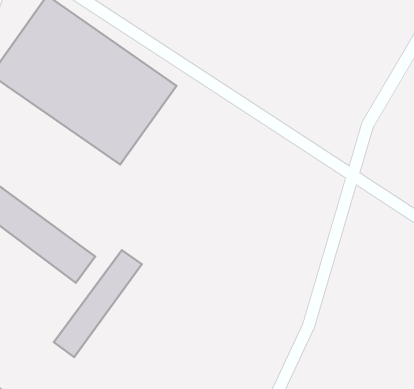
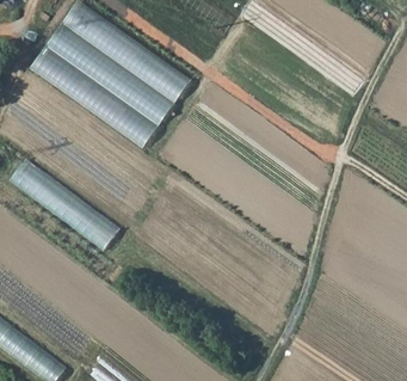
building: [54,250,142,357] -> none

